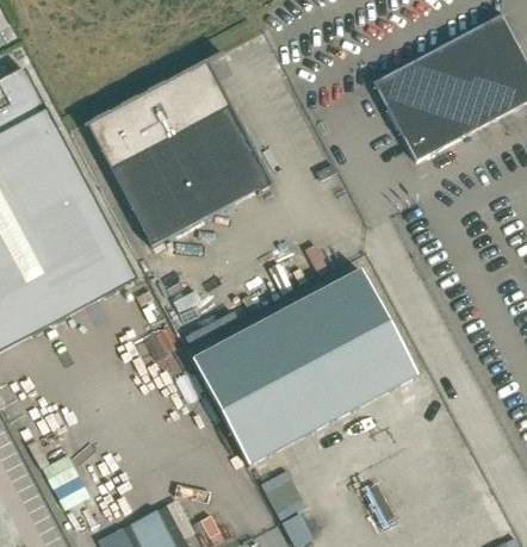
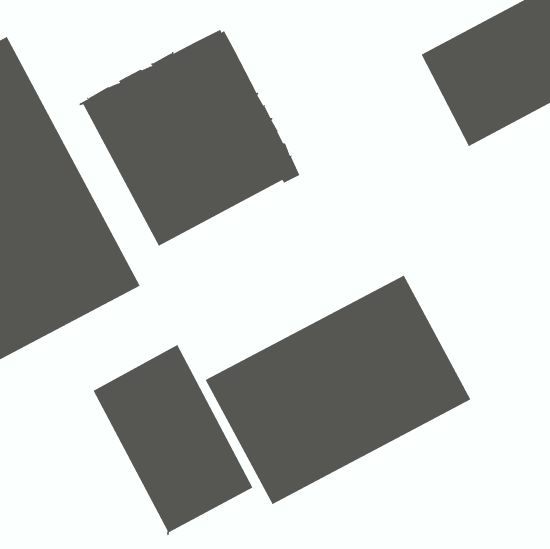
building: none -> [93,344,253,536]

